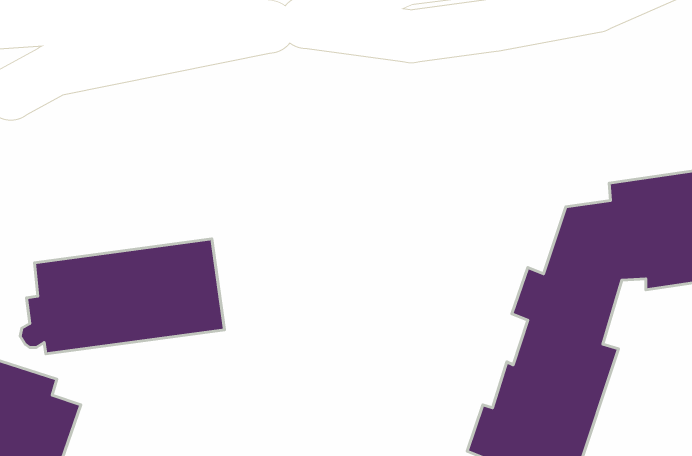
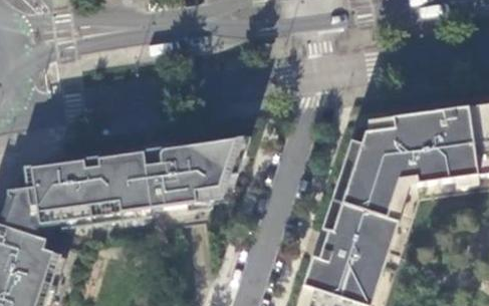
building: none -> [153,136,250,207]

